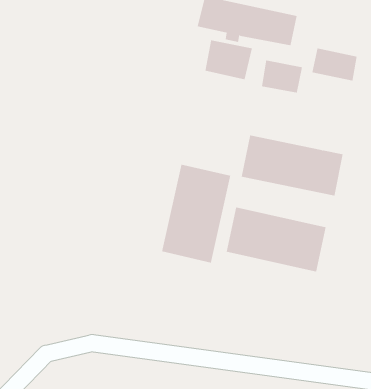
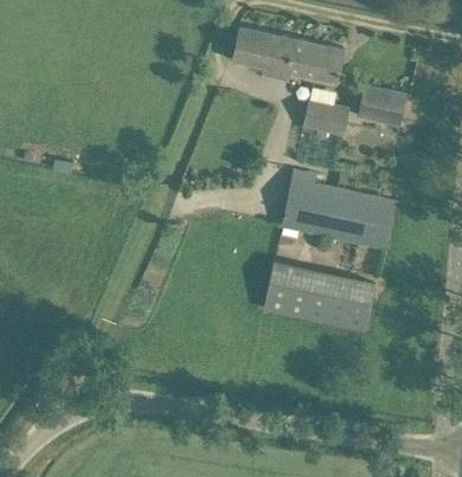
building: [205,39,252,80] -> none
building: [162,164,231,263] -> none

